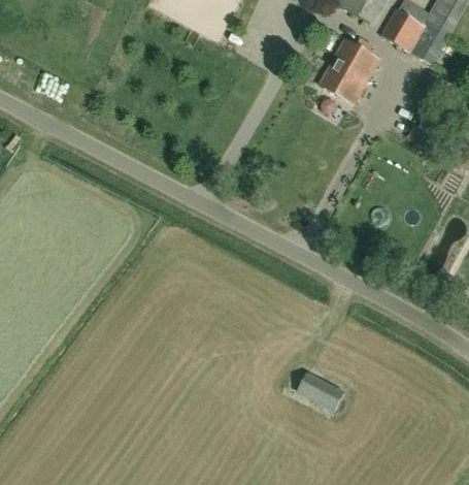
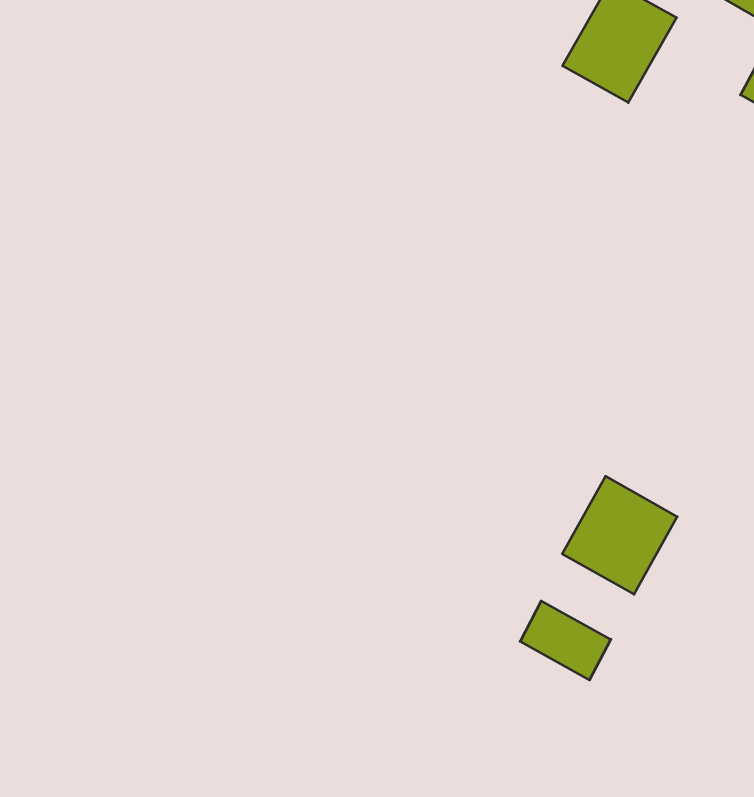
building: none -> [562,476,677,594]

